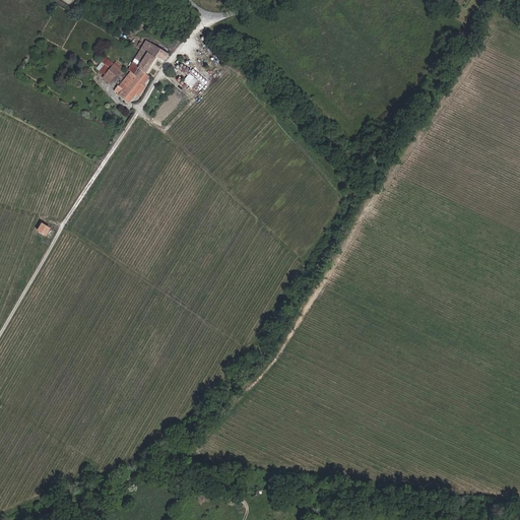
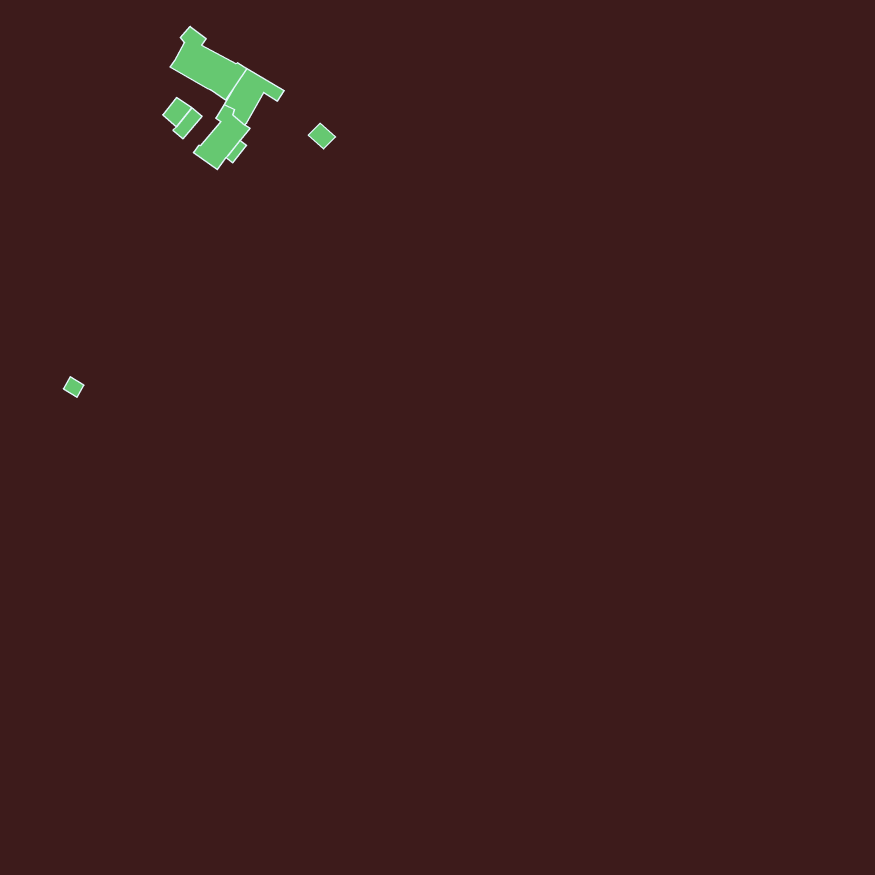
building: none -> [170,26,247,100]

